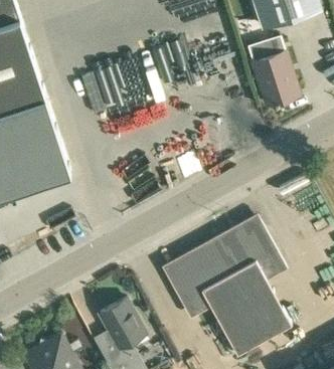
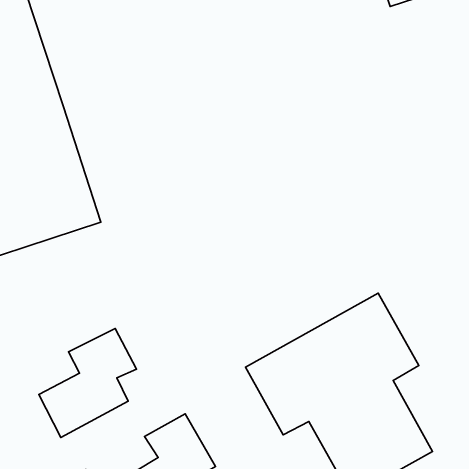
building: [247,35,300,106] -> none
building: none -> [39,328,137,438]

